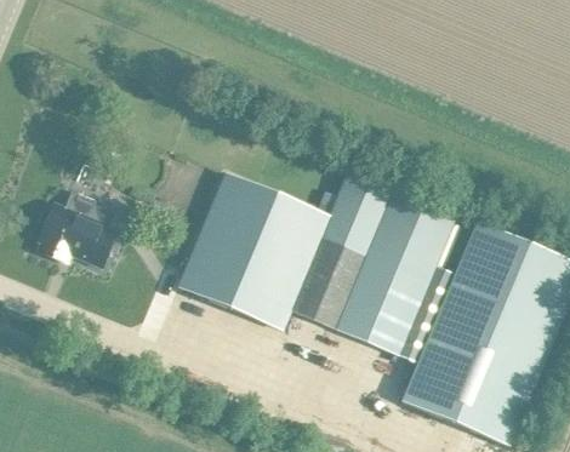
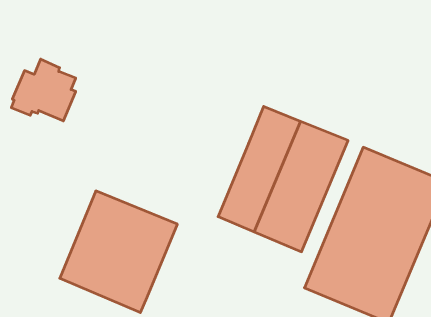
building: [179,174,330,330] -> [60,191,177,313]
building: [36,189,119,268] -> [11,59,76,121]

